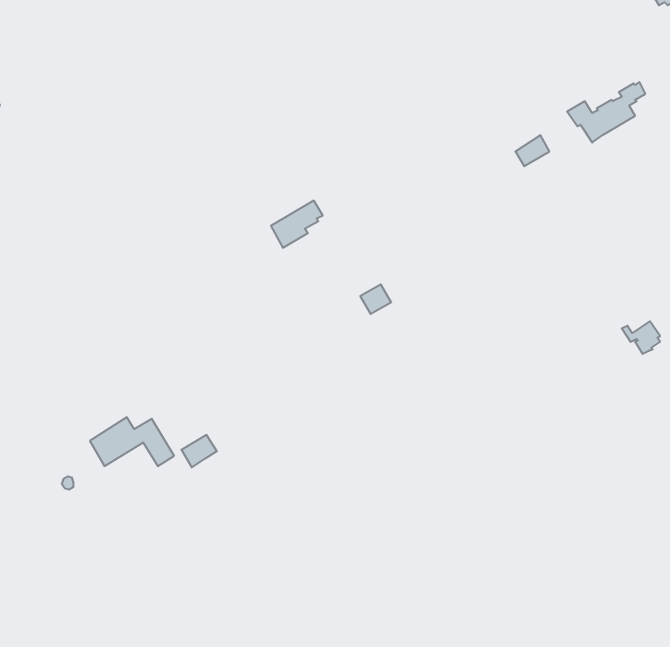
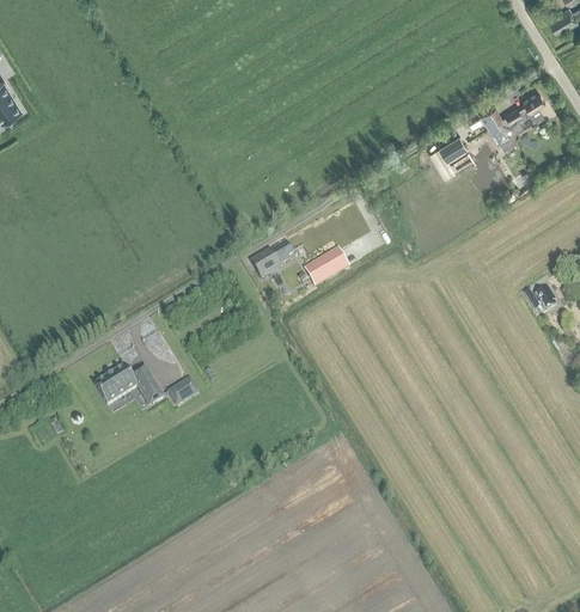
building: [271,201,323,248] -> [251,240,293,279]

